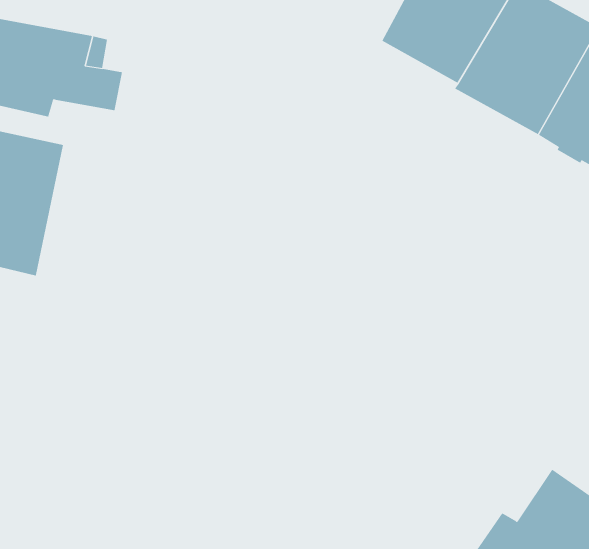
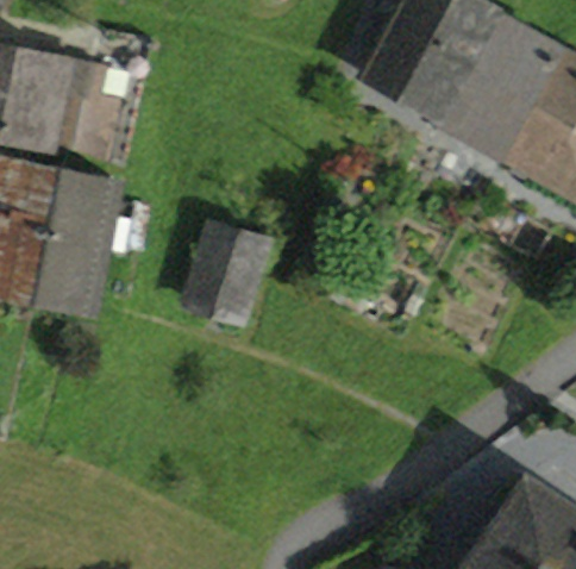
building: none -> [36,173,131,307]
building: none -> [189,226,264,320]

